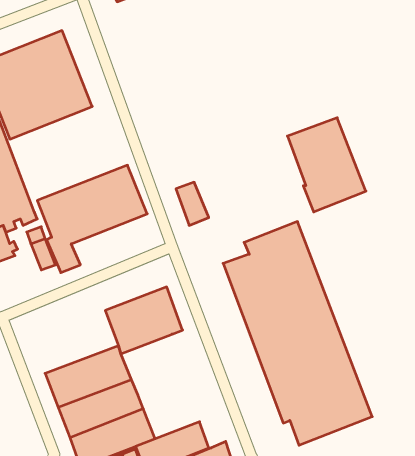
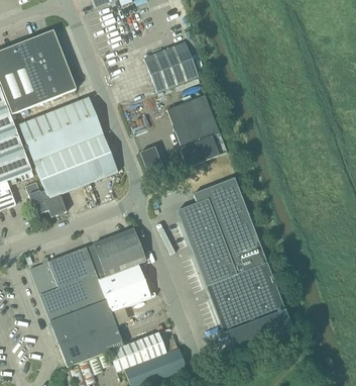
building: none -> [143,41,198,92]
building: none -> [19,96,103,161]
building: [287,118,366,212] -> [166,94,227,167]
building: none -> [29,246,96,294]
building: none -> [98,264,150,311]

